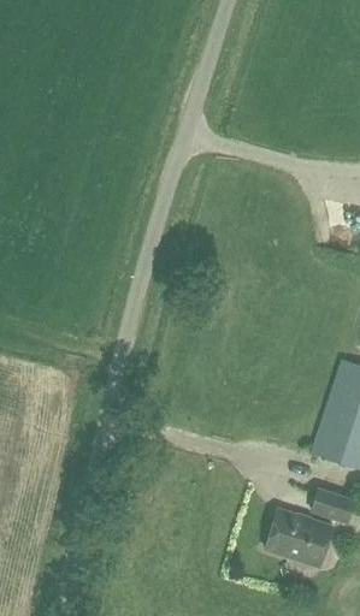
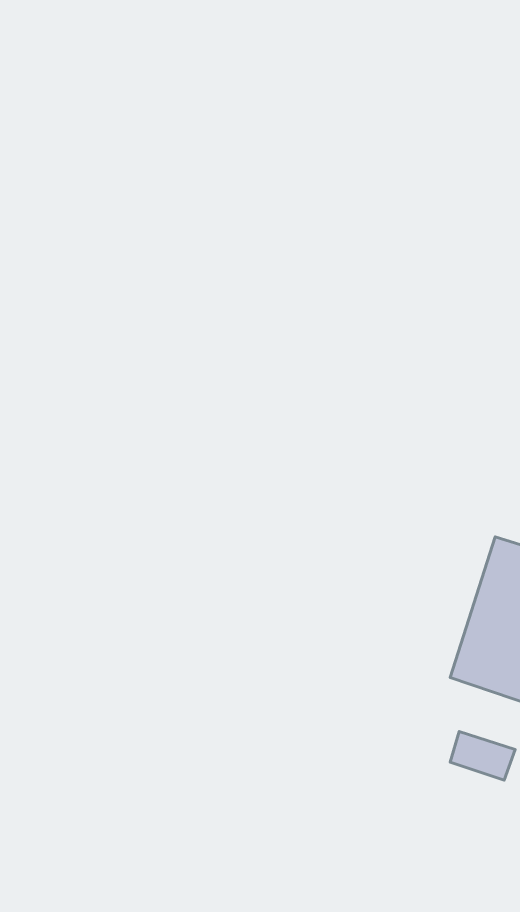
building: [265,509,334,565] -> none

